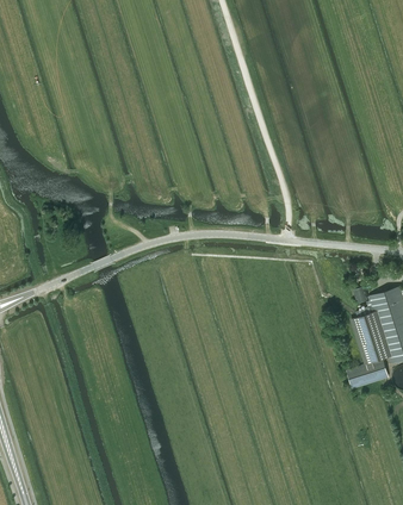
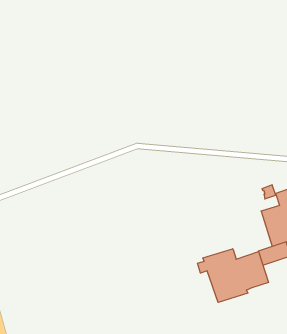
building: none -> [197,249,269,302]

